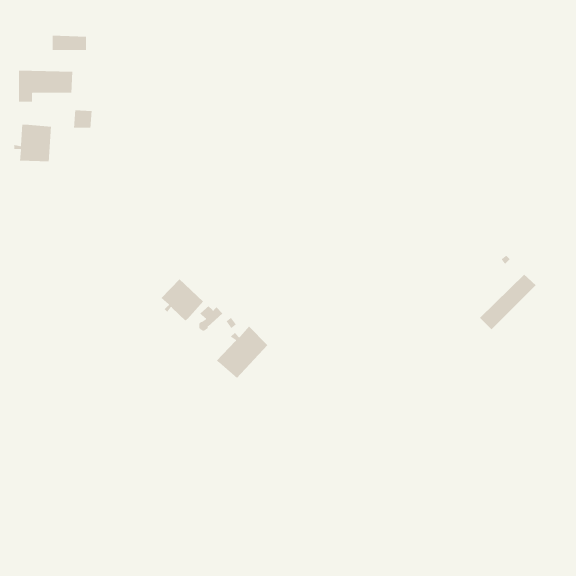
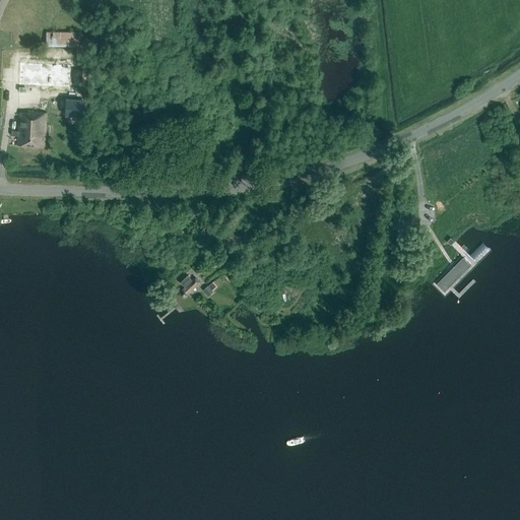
building: [160,279,204,322] -> none
building: [216,326,268,379] -> none

